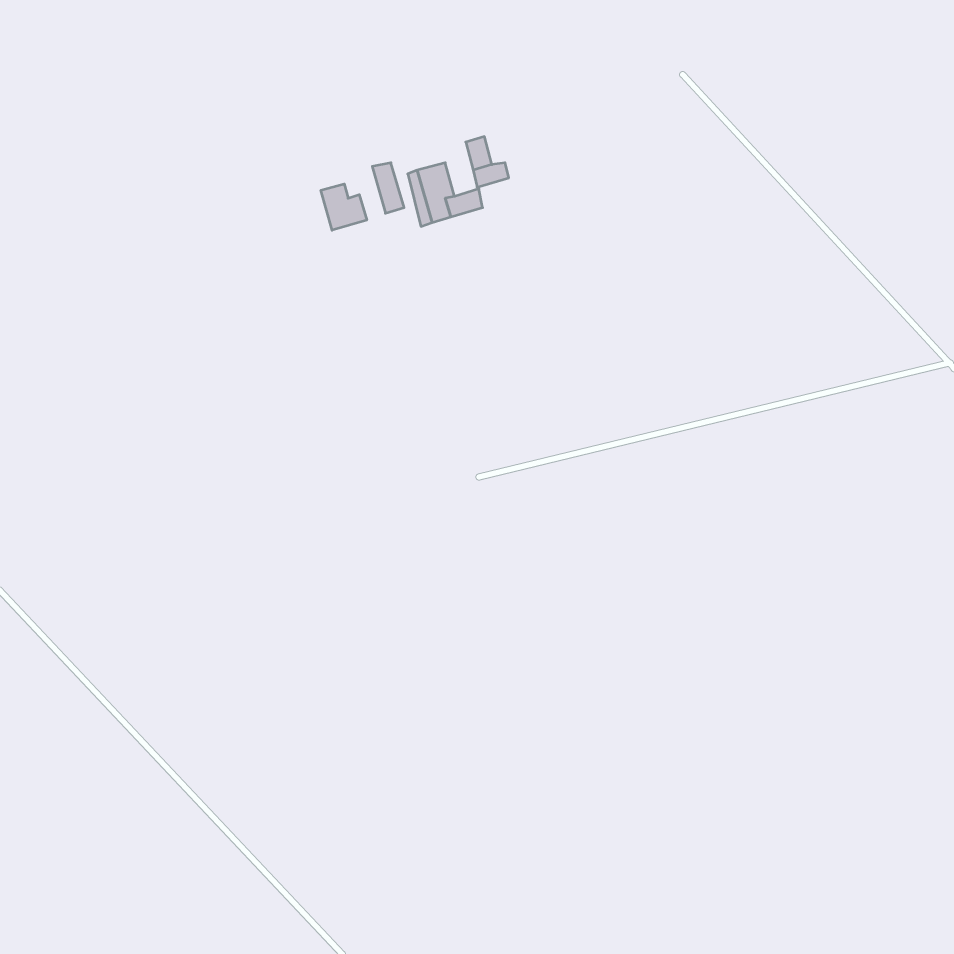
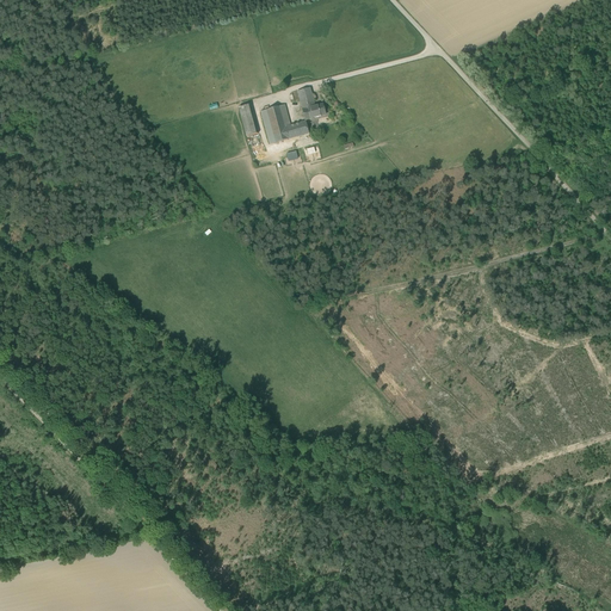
building: [321,184,367,230] -> none

